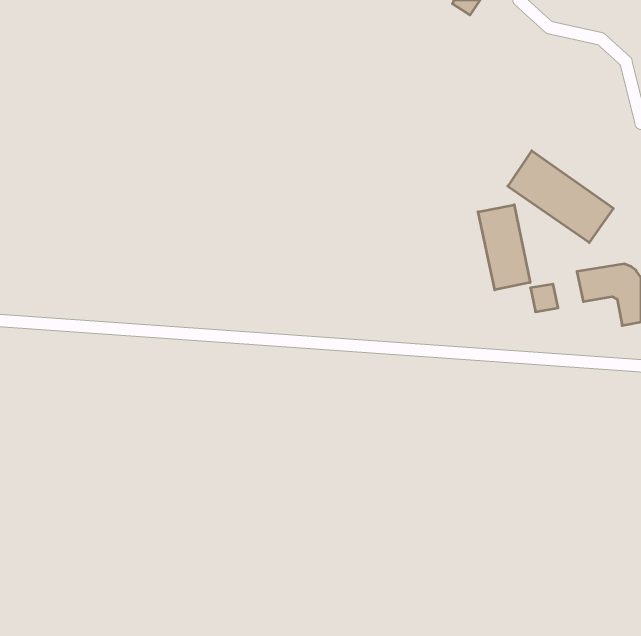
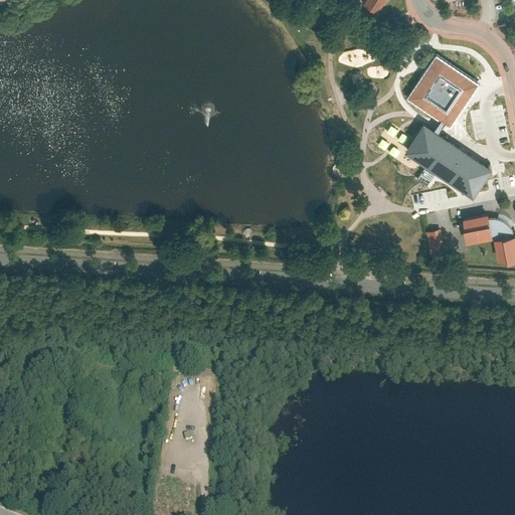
building: none -> [403,53,479,129]
building: [478,205,530,290] -> none

